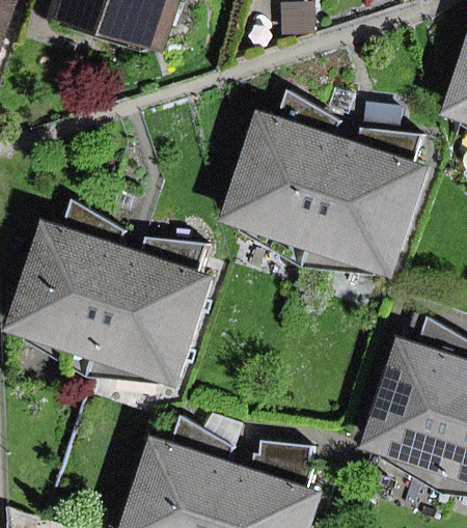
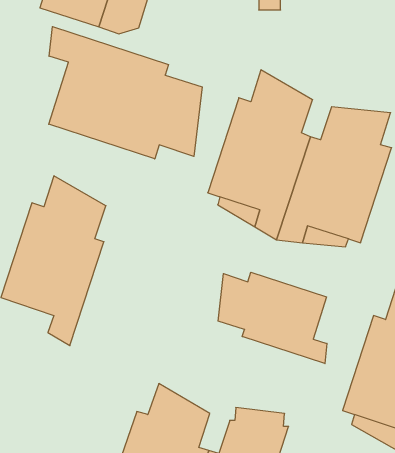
building: none -> [49,27,202,159]
building: [88,237,208,379] -> none
building: none -> [218,272,327,364]

